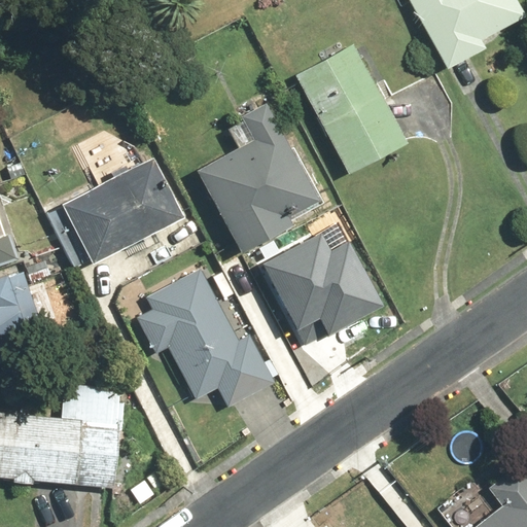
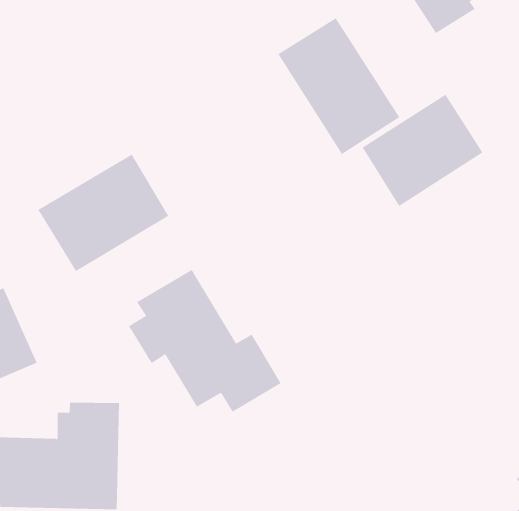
building: [196,104,324,252] -> none
building: none -> [362,94,483,207]
building: [261,229,381,330] -> none

